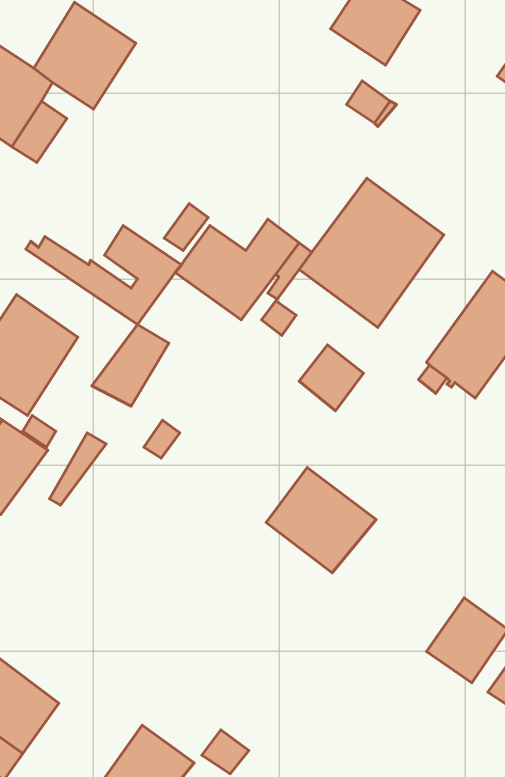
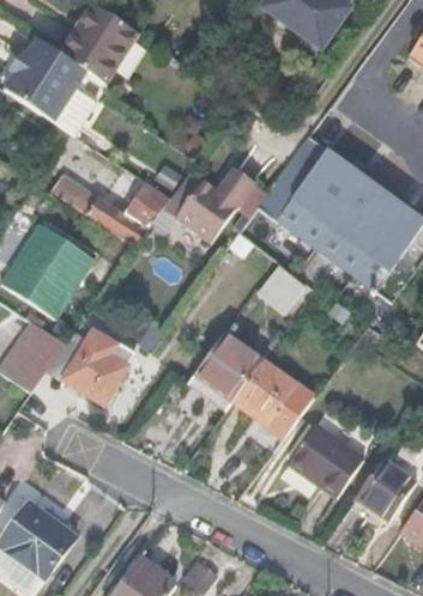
building: none -> [319,180,406,276]
building: [92,324,169,406] -> [77,339,135,401]
building: none -> [189,329,265,408]
building: none -> [296,424,367,492]

